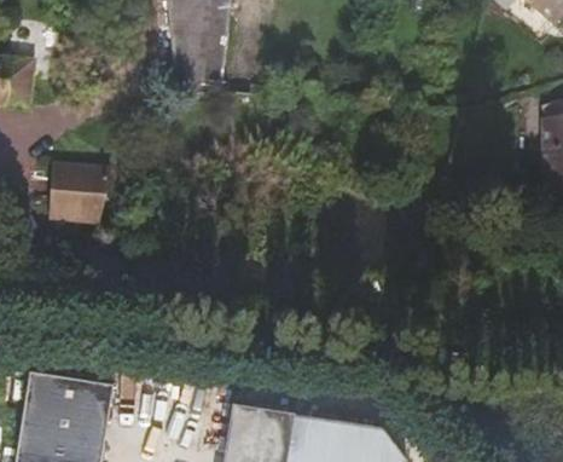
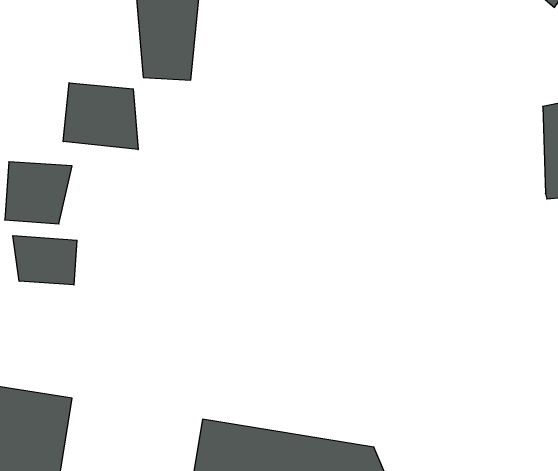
building: none -> [63,83,138,150]
building: none -> [13,236,77,285]

